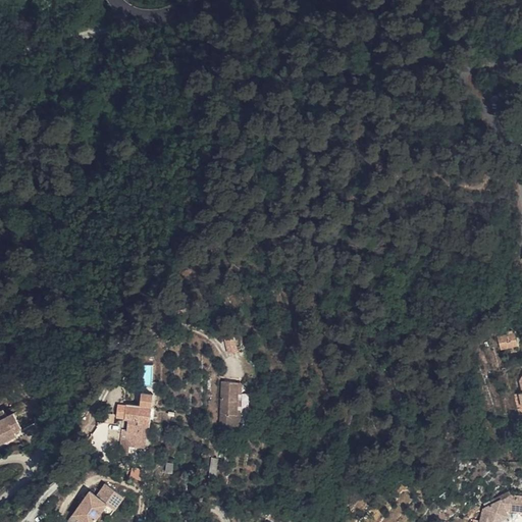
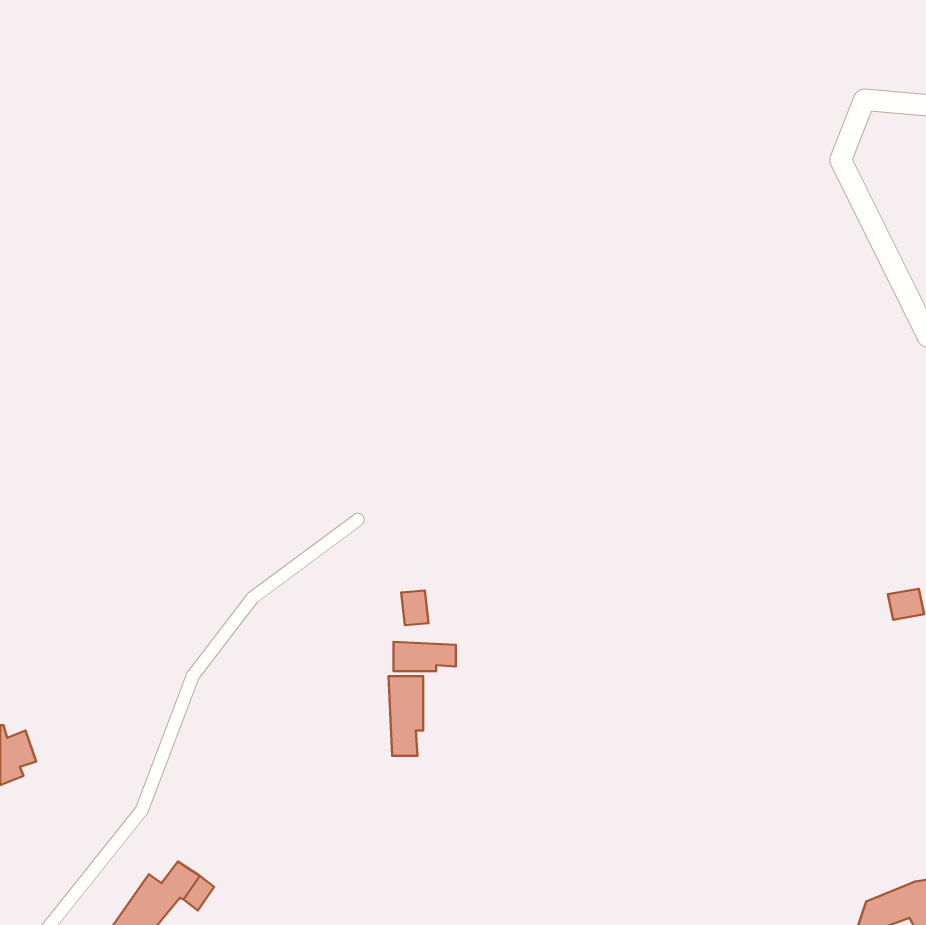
building: none -> [393,642,456,671]
building: [112,406,151,449] -> none

